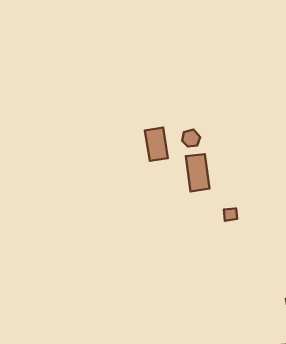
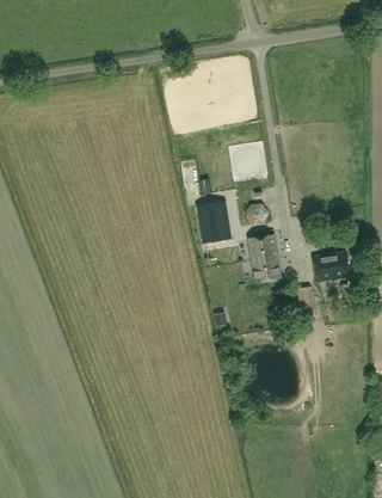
building: none -> [314,253,351,282]

